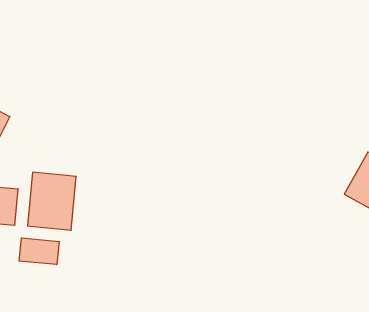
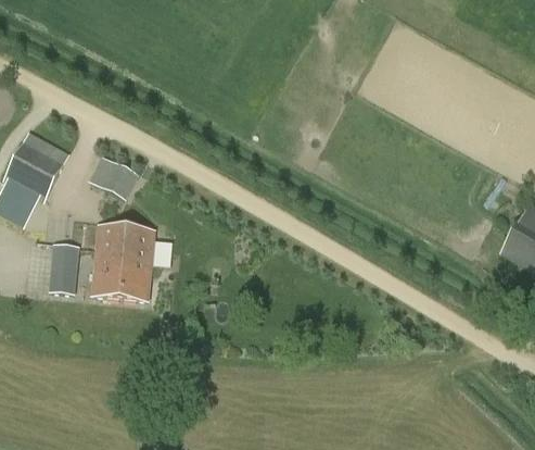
building: none -> [88,154,138,199]
building: [19,238,59,265] -> none

